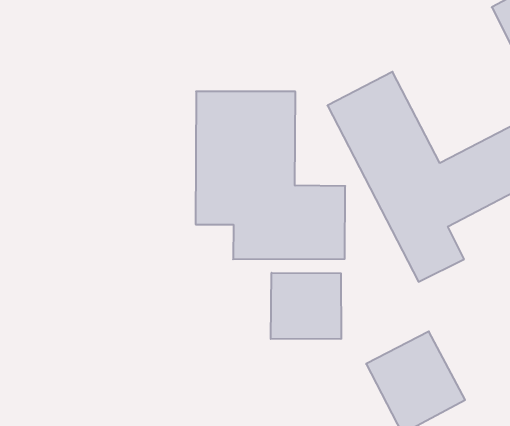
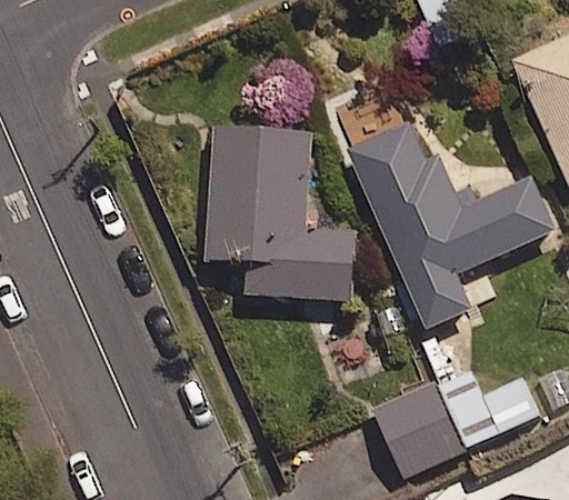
building: [271,273,341,339] -> none

